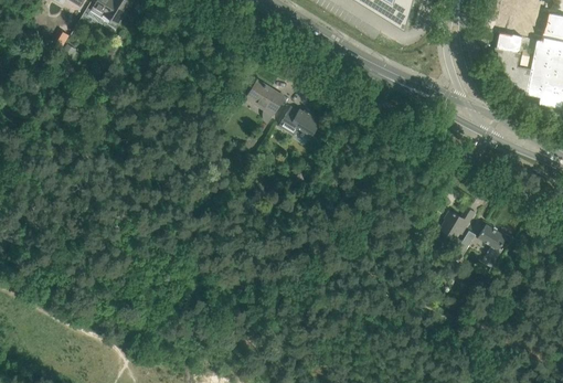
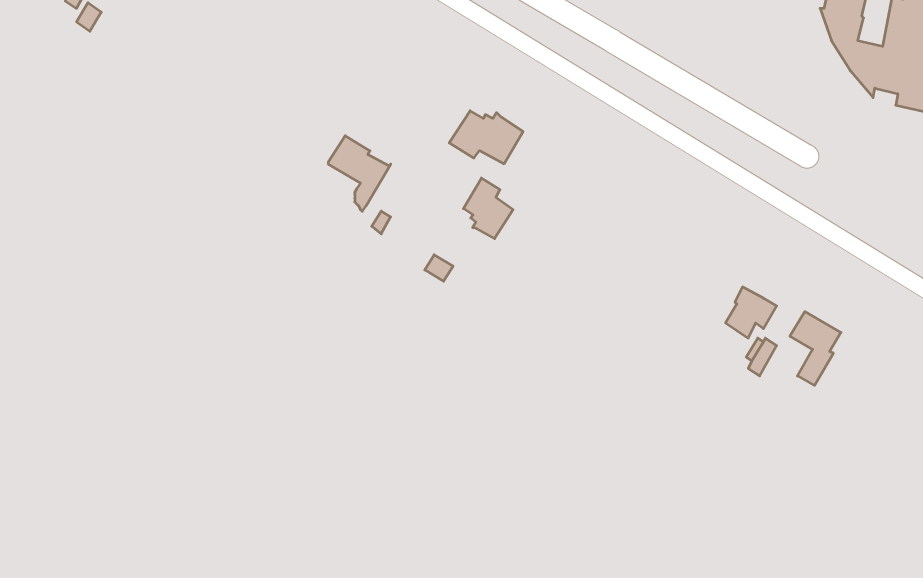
building: [248,77,285,121] -> [328,136,391,211]
building: none -> [463,178,513,239]

